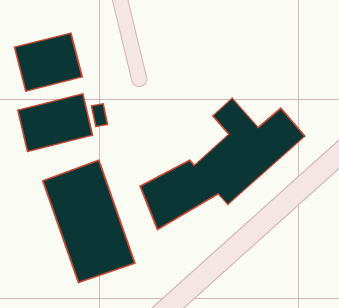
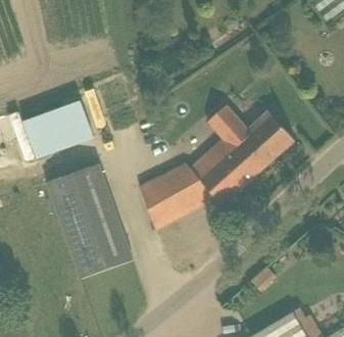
building: [14,33,82,91] -> none

